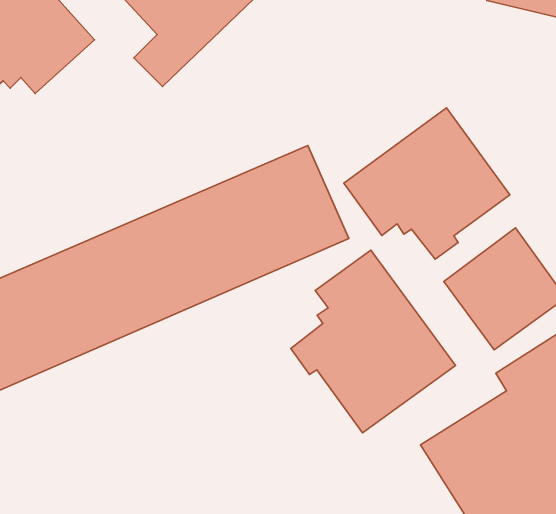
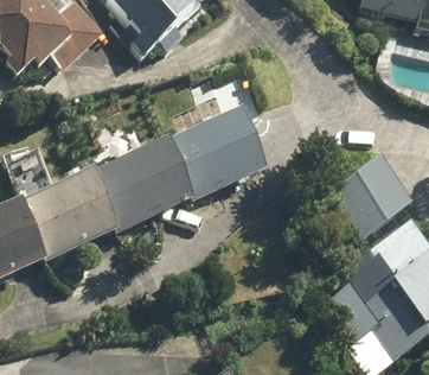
building: [344,108,510,259] -> none
building: [291,250,455,433] -> none

